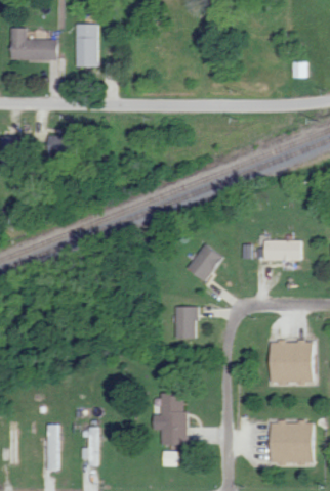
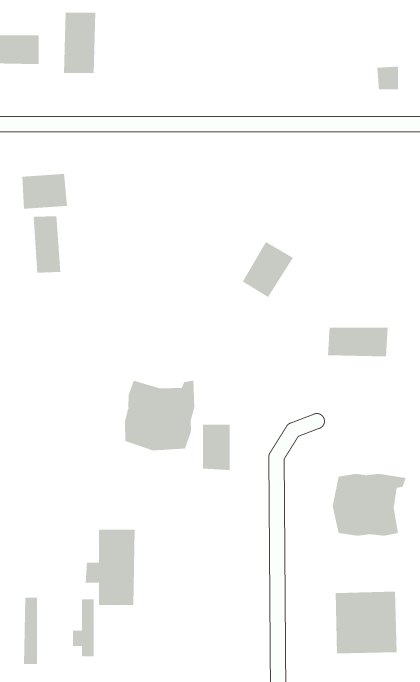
building: none -> [33,215,61,273]
building: [182,243,218,282] -> [242,241,294,298]
building: none -> [124,380,195,451]
building: [148,393,182,445] -> [85,529,136,605]

